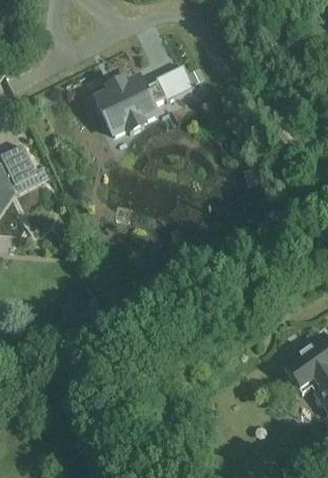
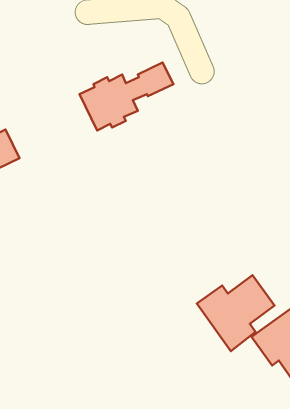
building: none -> [197,275,274,351]

